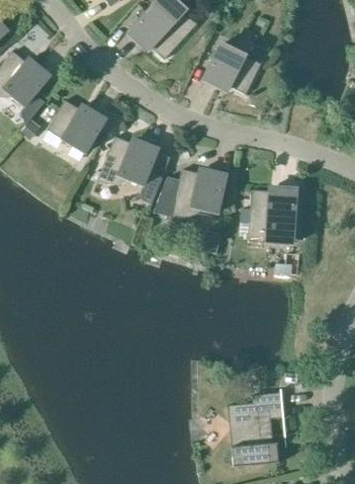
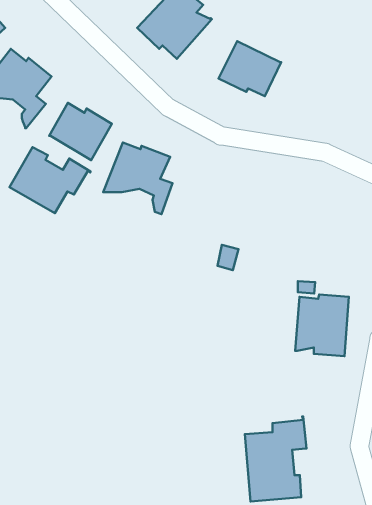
building: none -> [9,147,91,213]
building: [154,169,227,217] -> none
building: [248,187,297,244] -> [295,295,349,356]

